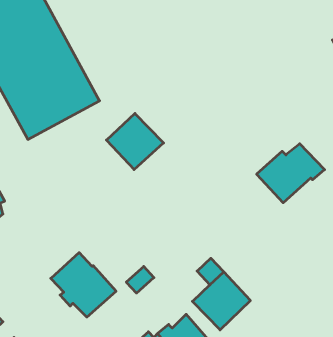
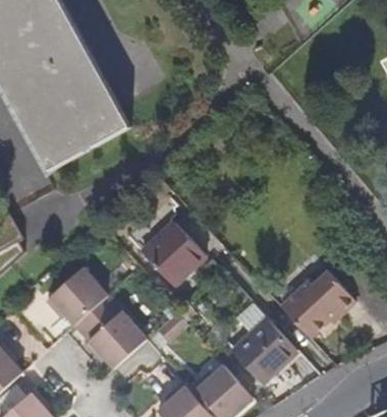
building: [106,113,164,170] -> [140,223,203,285]
building: [257,144,325,203] -> [279,273,354,338]
building: none -> [44,267,106,324]

